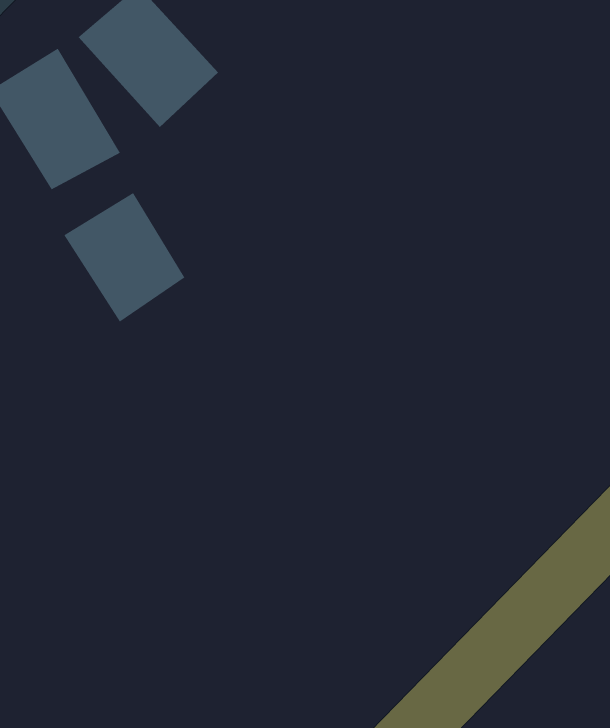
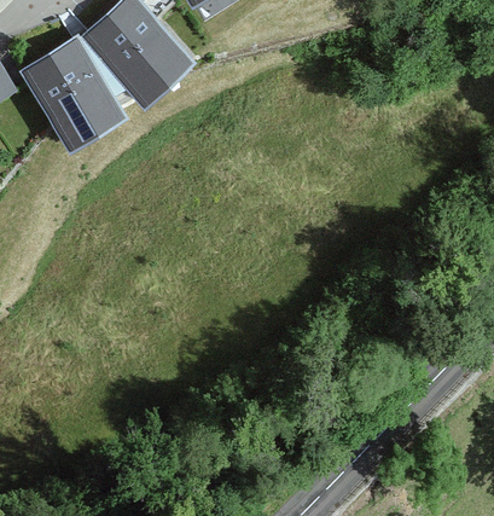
building: [64,192,185,323] -> none

